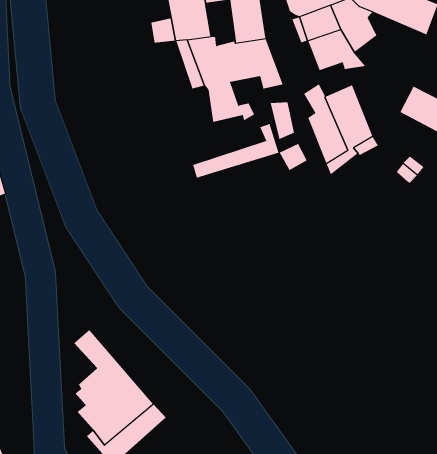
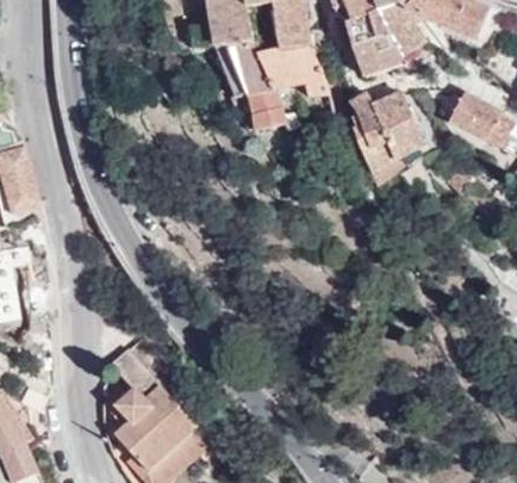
building: [193,123,279,179] -> none

